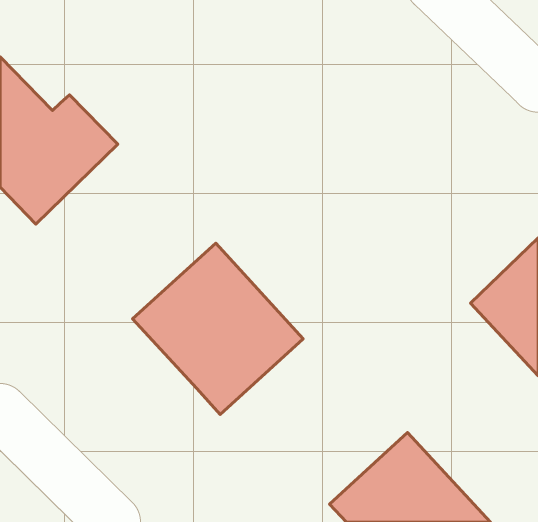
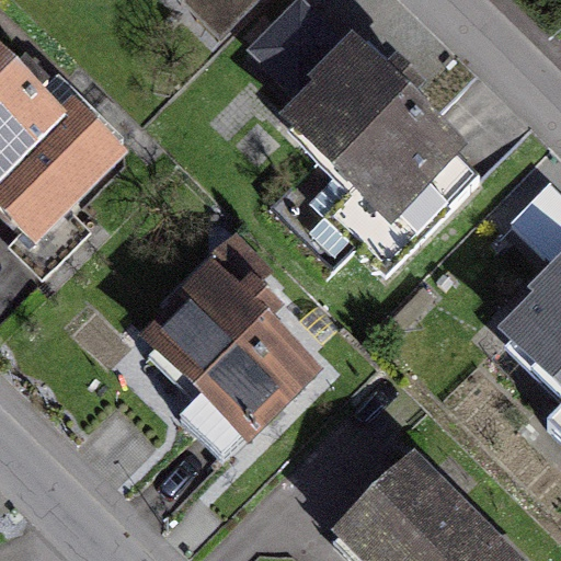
building: none -> [282,56,462,237]

